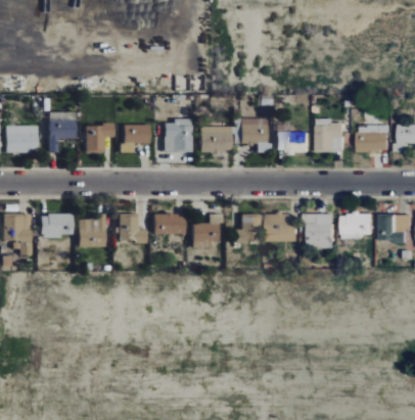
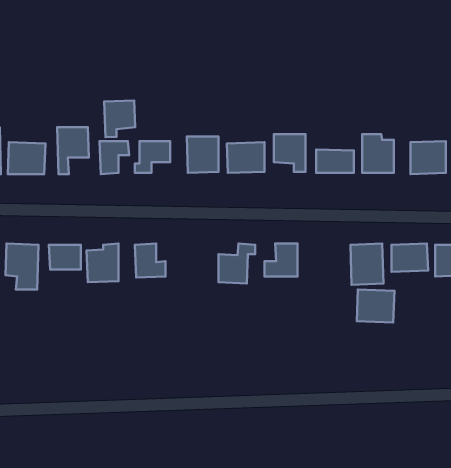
building: none -> [104,101,135,137]
building: [264,214,296,242] -> [357,290,394,322]
building: [151,215,184,235] -> none

